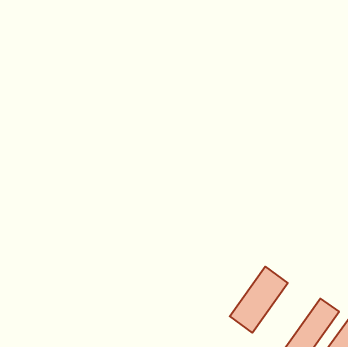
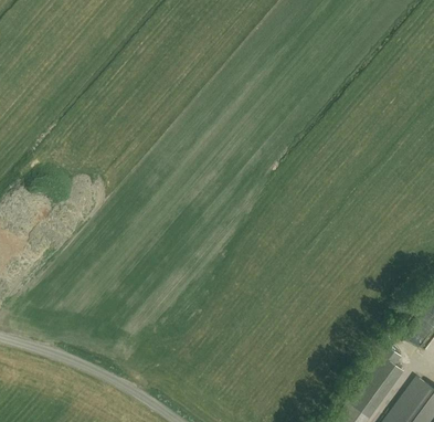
building: [230,267,288,333] -> none

